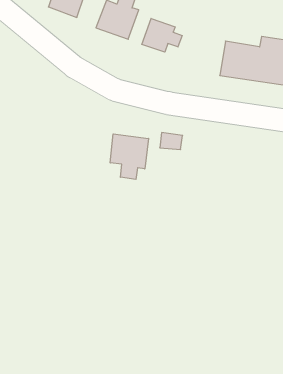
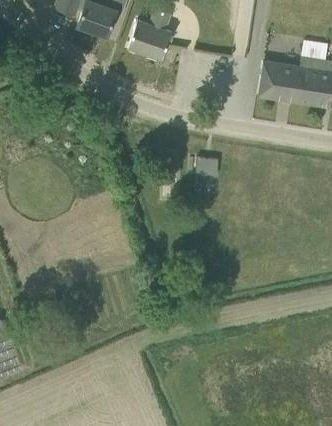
building: [142,18,182,52] -> none
building: [110,134,149,179] -> none

